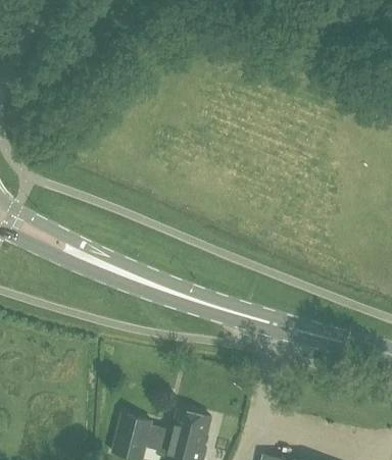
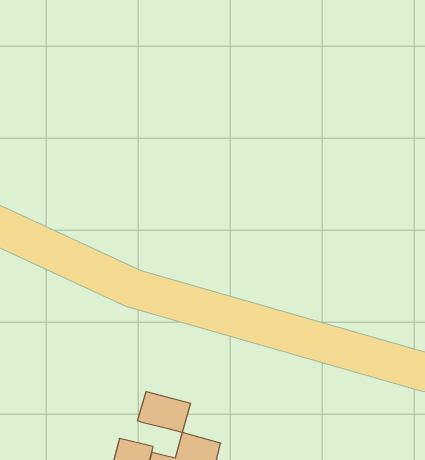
building: none -> [138,392,191,433]

